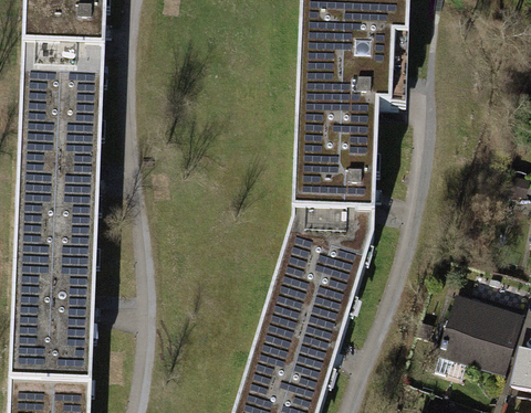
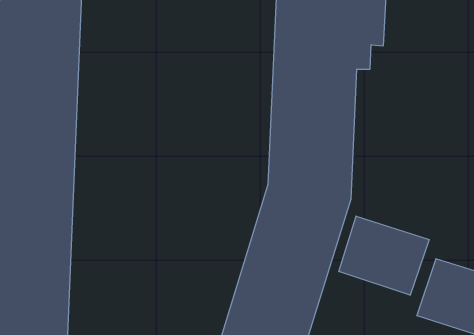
building: none -> [339,216,429,295]

